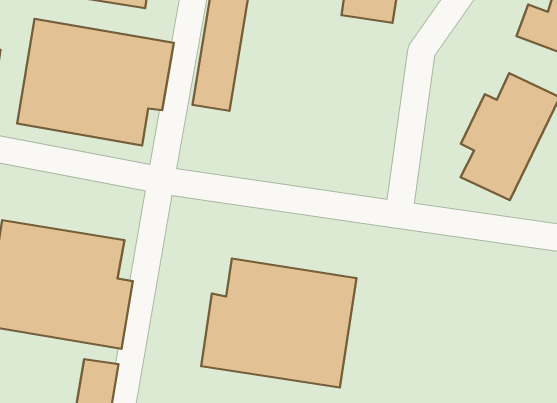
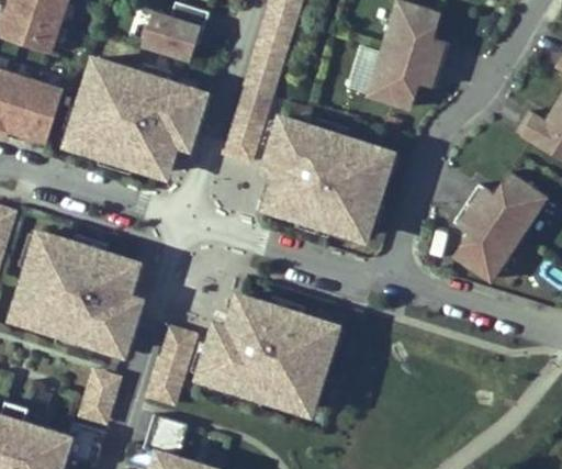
building: none -> [263,116,398,248]
building: none -> [143,320,199,405]

